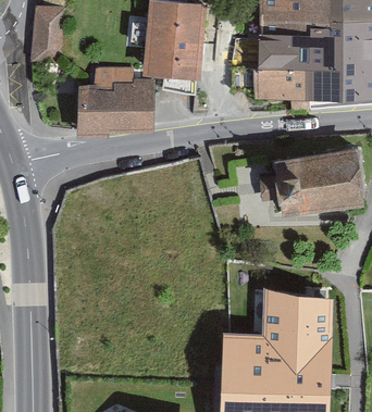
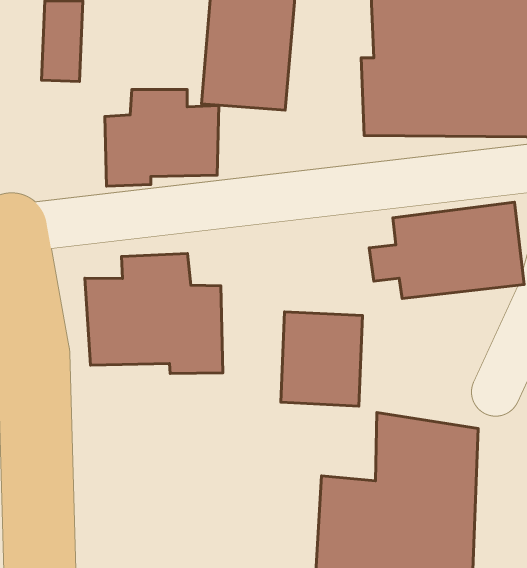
building: none -> [85,254,223,373]
building: none -> [281,312,362,406]

